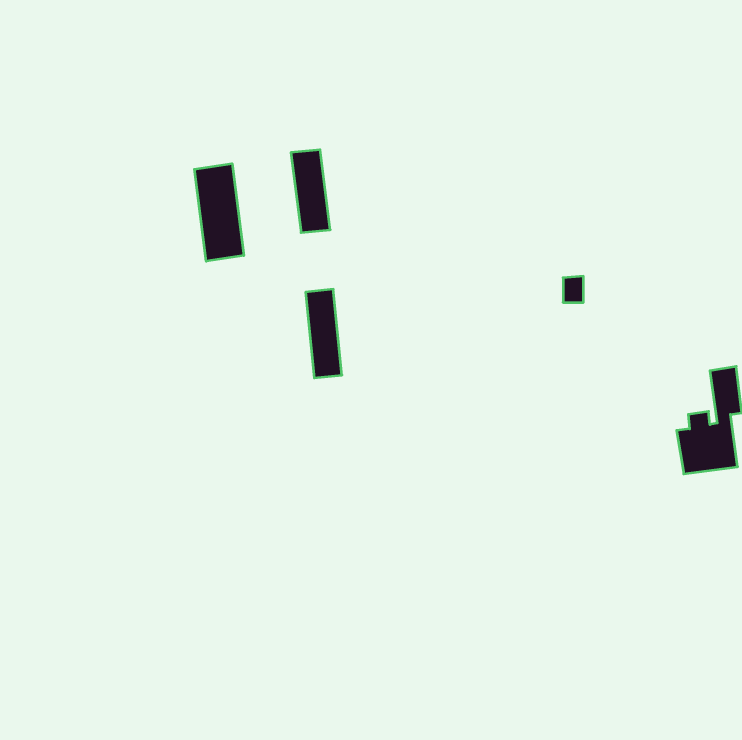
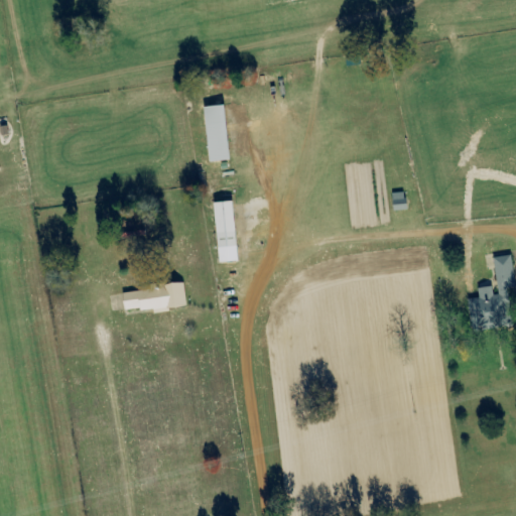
building: [194,164,244,261] -> none
building: none -> [121,282,186,311]

